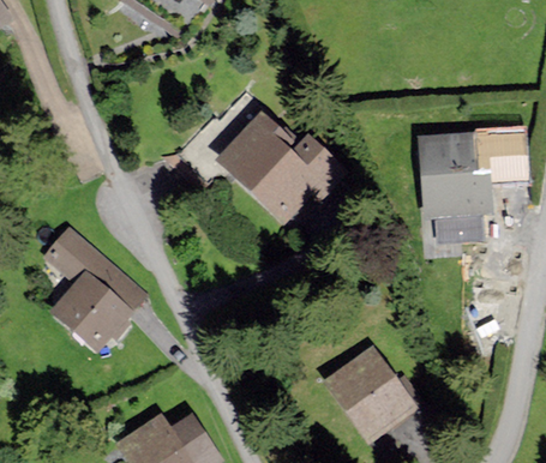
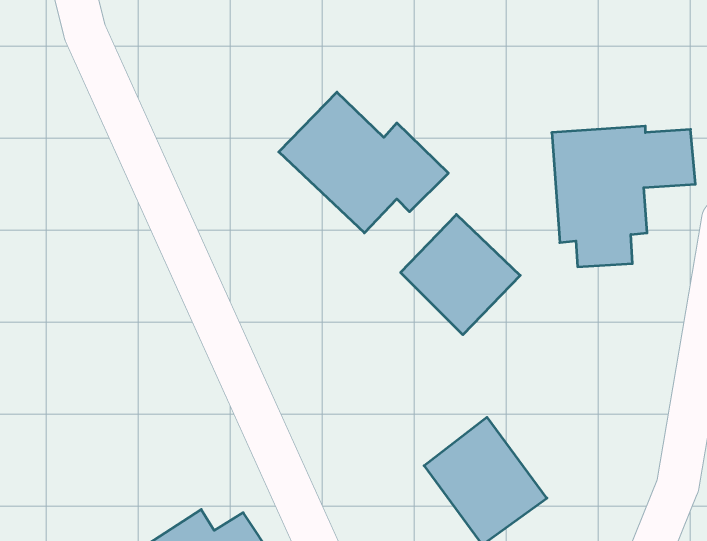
building: none -> [401,214,520,335]
building: [44,233,143,351] -> none

